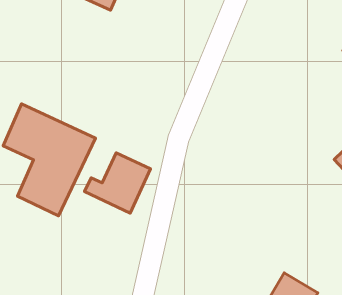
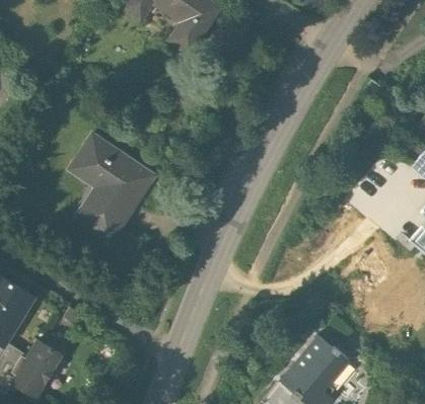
building: [84,153,150,213] -> none

